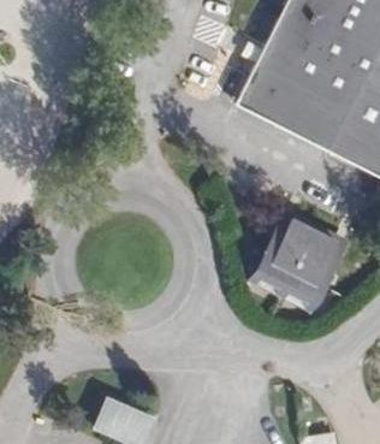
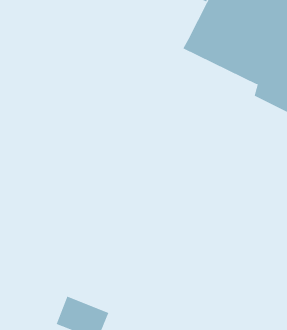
building: [253,221,345,309] -> none

